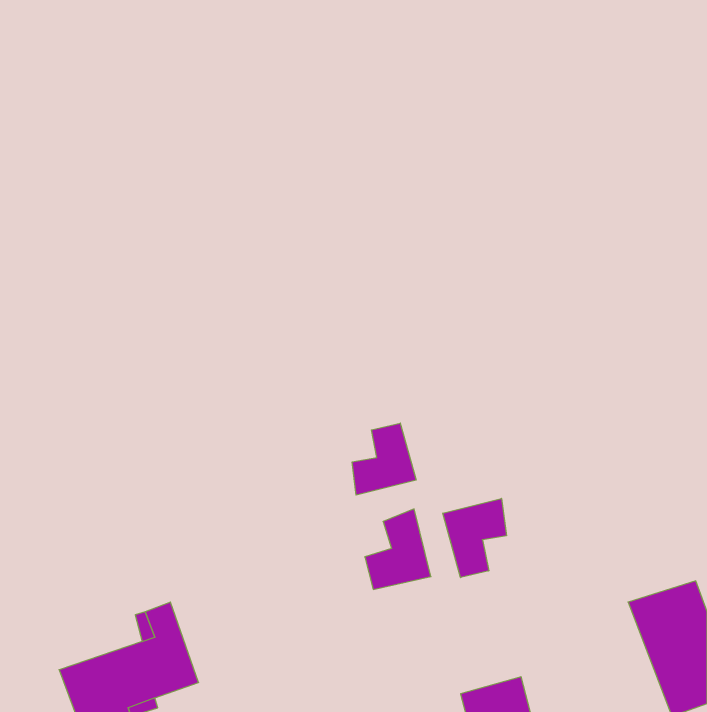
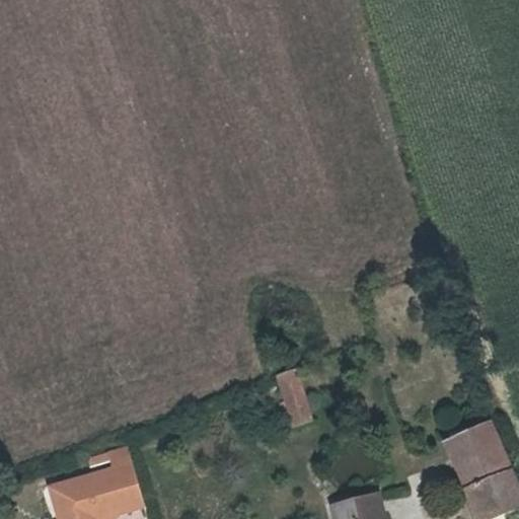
building: [352,423,416,495] -> none
building: [443,498,506,578] -> none

